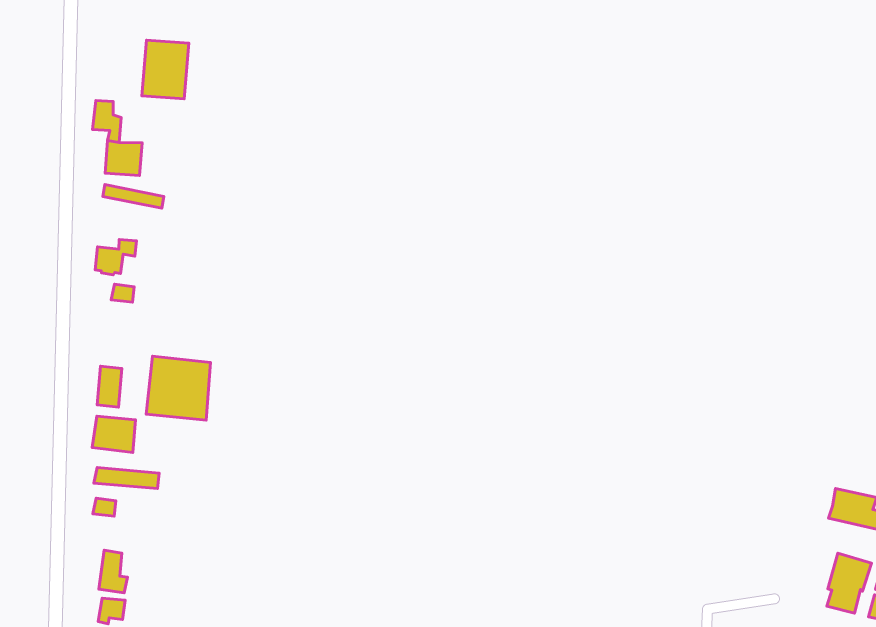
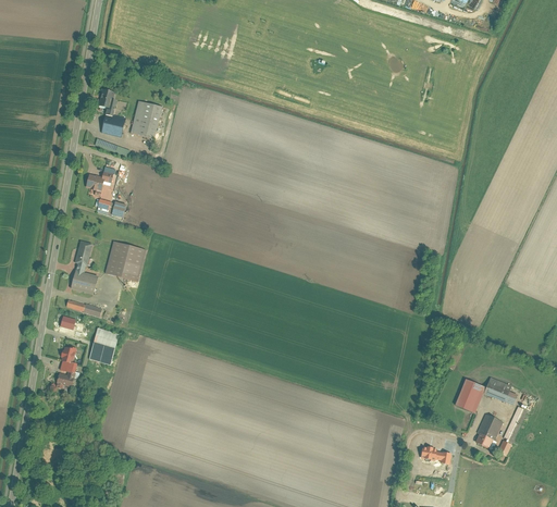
building: [142,40,189,99] -> [129,101,161,138]
building: none -> [455,379,486,413]
building: none -> [89,329,120,366]

